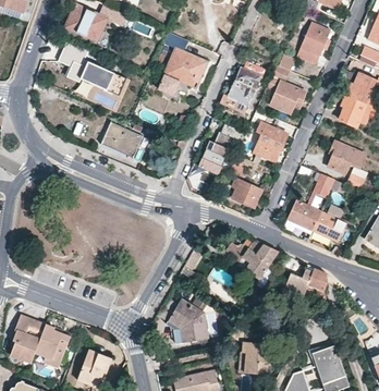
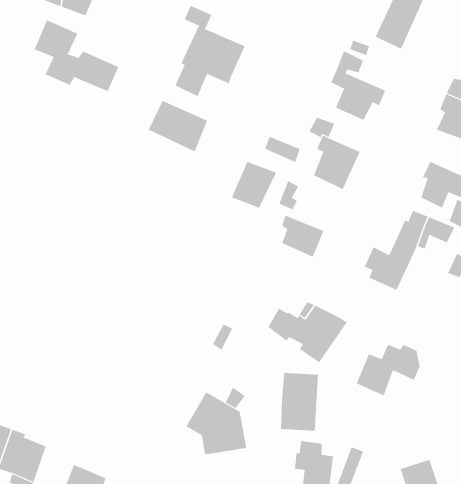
building: [228,62,265,103] -> none
building: [100,120,142,156] -> [148,100,208,152]
building: [311,211,345,239] -> none
building: none -> [280,372,319,432]

